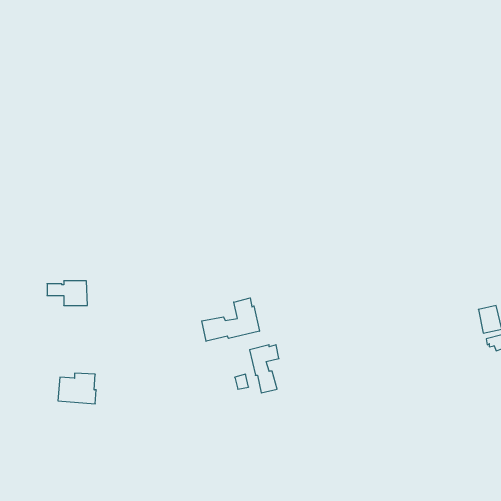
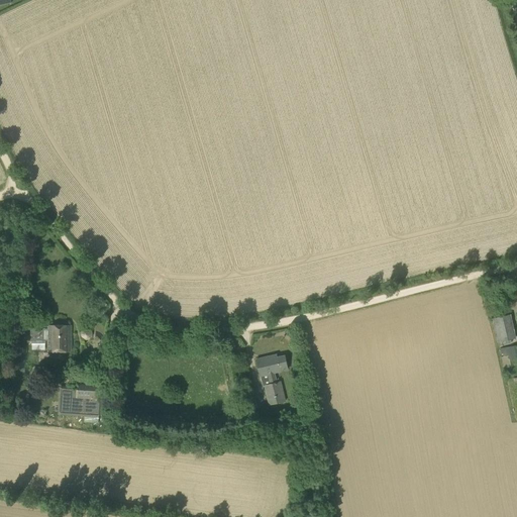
building: [47,281,87,305] -> [31,326,73,351]
building: [202,298,259,341] -> none

